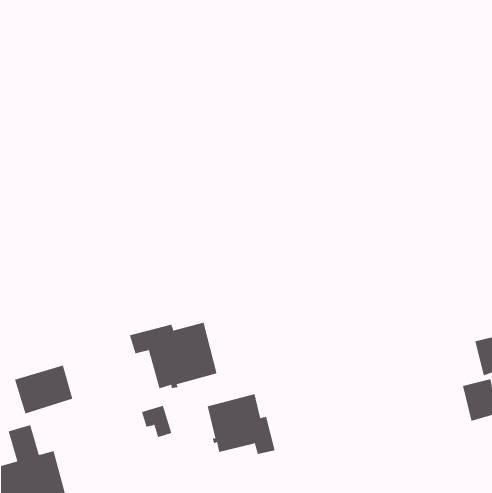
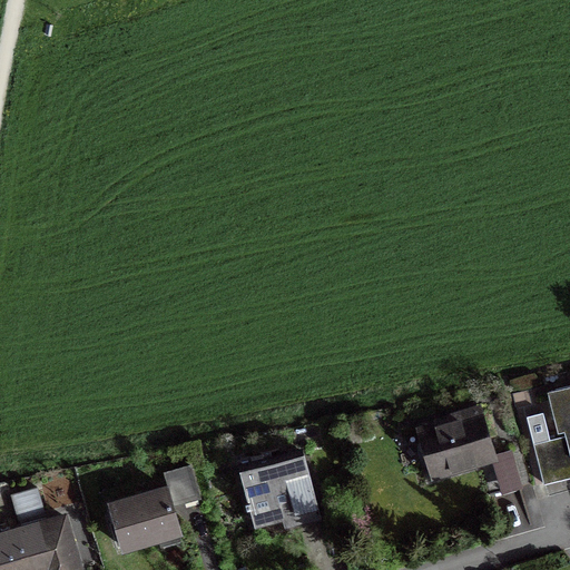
building: [129,322,217,389] -> none
building: none -> [419,411,521,498]
building: [14,365,73,414] -> [111,492,179,549]

